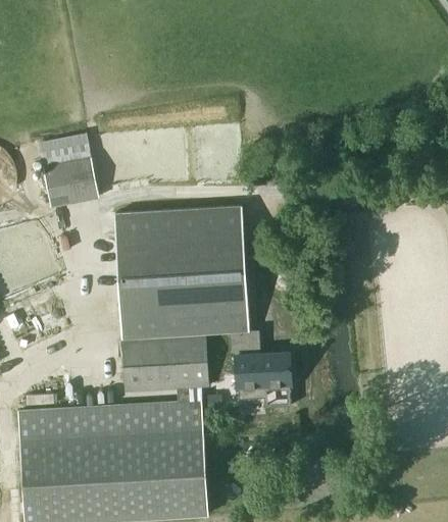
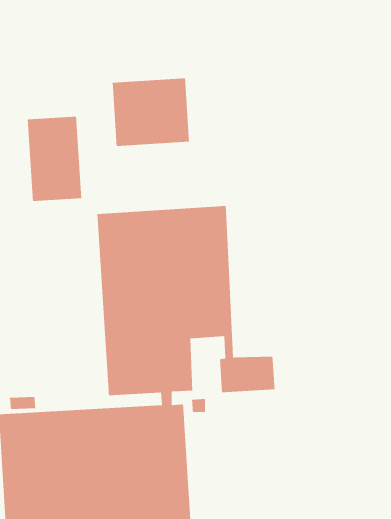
building: none -> [112,78,190,147]

